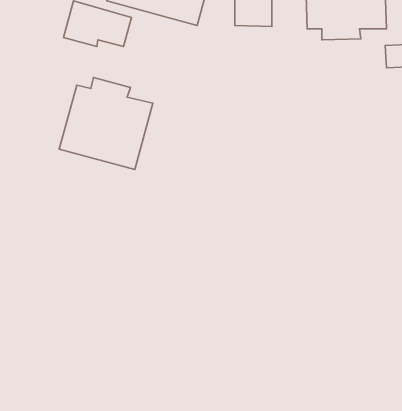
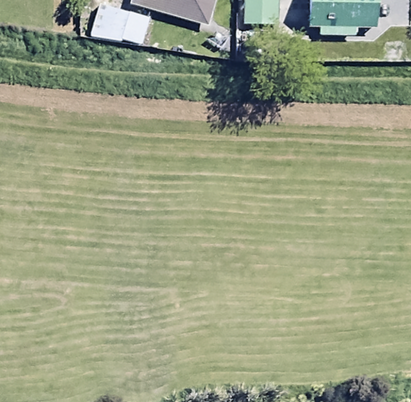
building: [59,78,153,170] -> none

